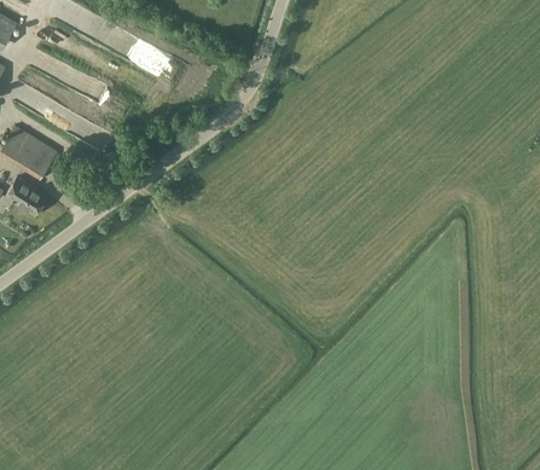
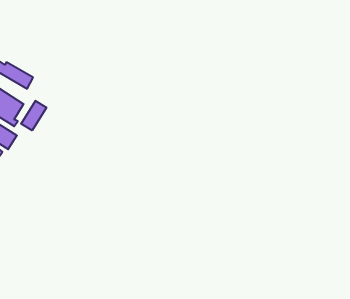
building: none -> [21,101,46,130]

